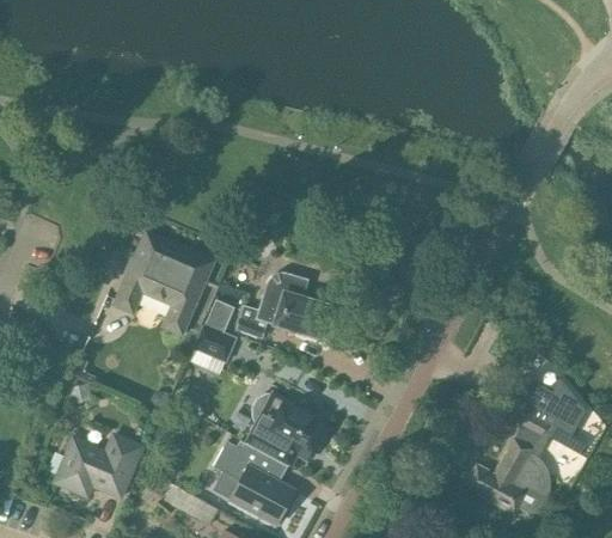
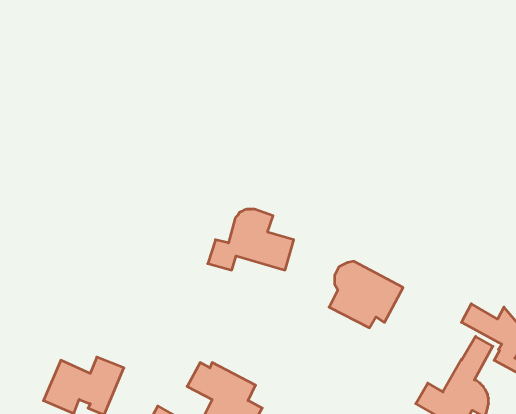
building: [114,234,213,335] -> none
building: [195,299,234,360] -> none
building: [246,392,328,465] -> [329,261,403,328]

